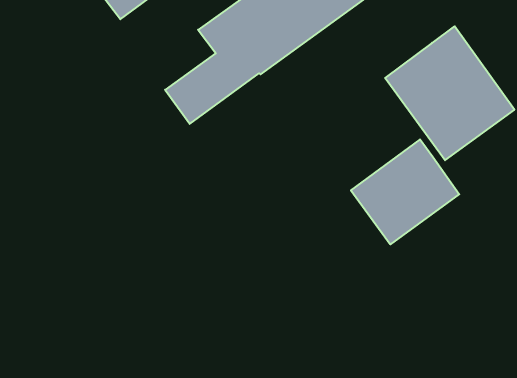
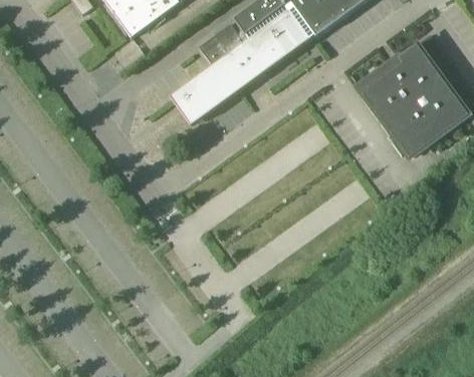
building: [351,139,459,244] -> none

